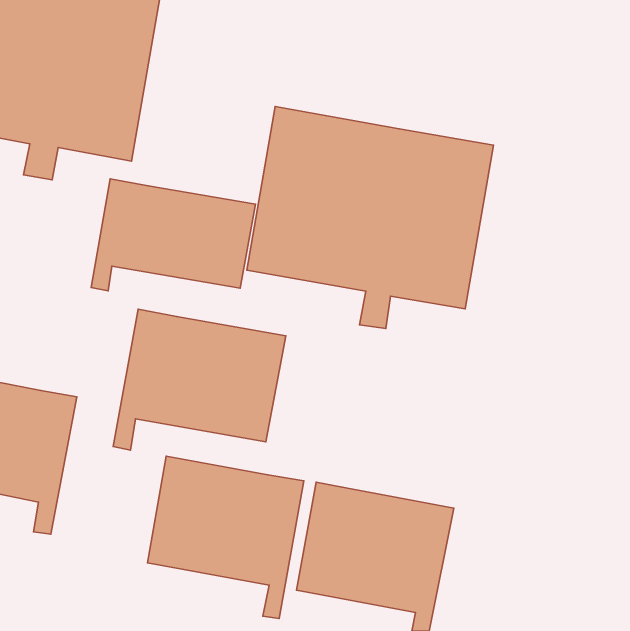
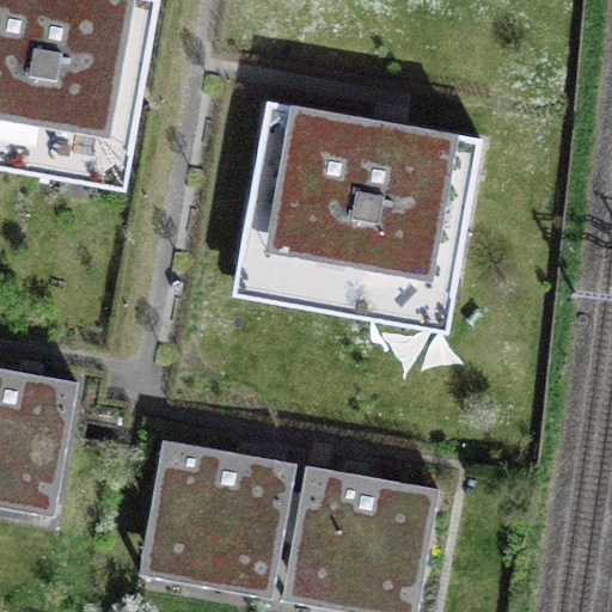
building: [91,179,255,291] -> none
building: [113,309,286,450] -> none

